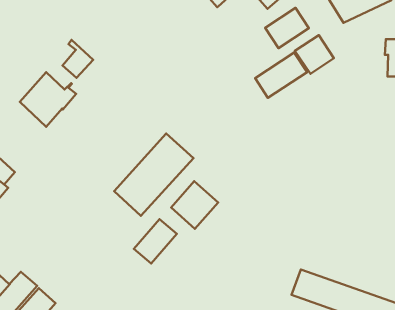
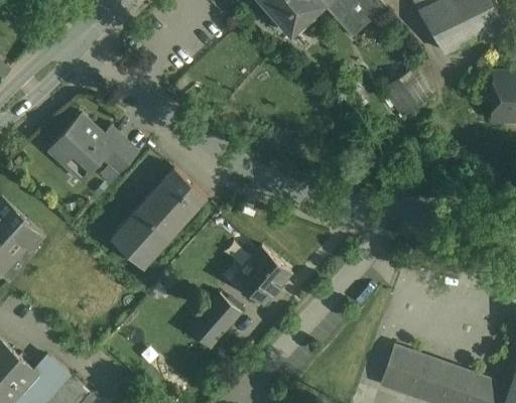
building: [265,8,309,48] -> none
building: [63,40,93,78] -> [102,126,139,172]
building: [255,53,307,98] -> none
building: [114,133,194,216] -> [111,166,208,267]

